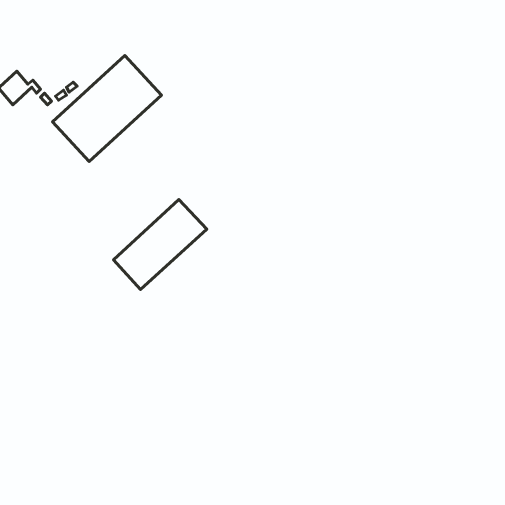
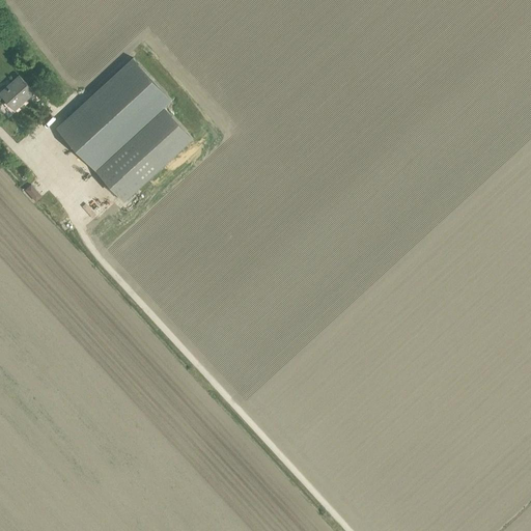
building: [114,199,207,289] -> [94,108,192,202]

